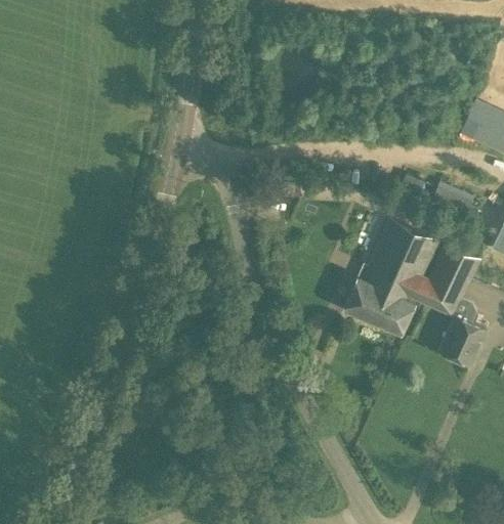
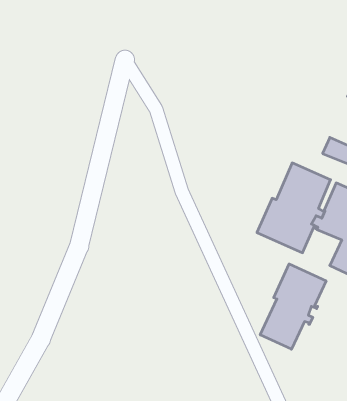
building: none -> [260,264,326,349]

